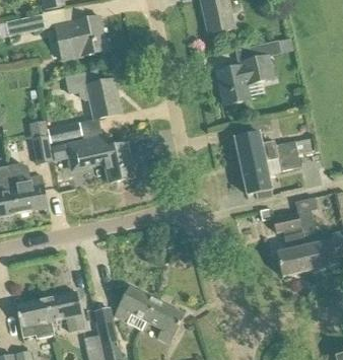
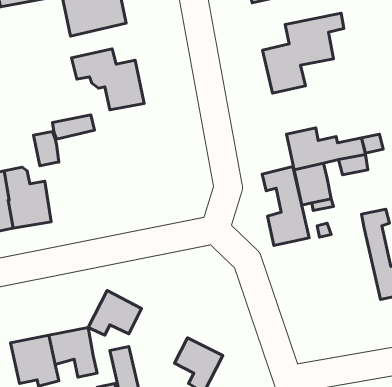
building: [65,134,135,183] -> none
building: [273,213,311,276] -> [262,166,309,245]
building: [114,286,156,321] -> [88,291,142,335]

